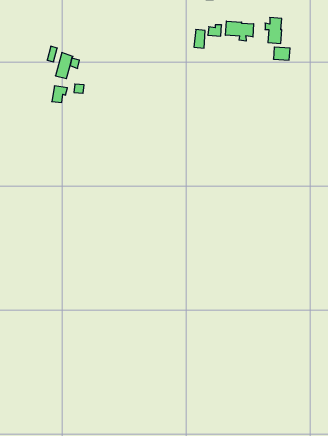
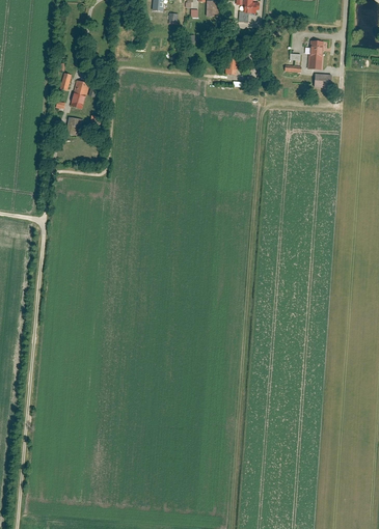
building: [225,21,254,41] -> none

